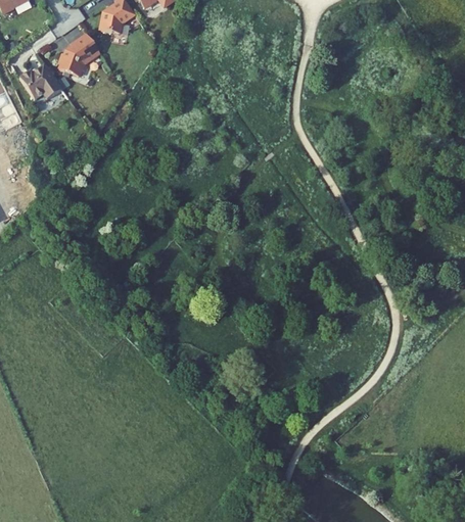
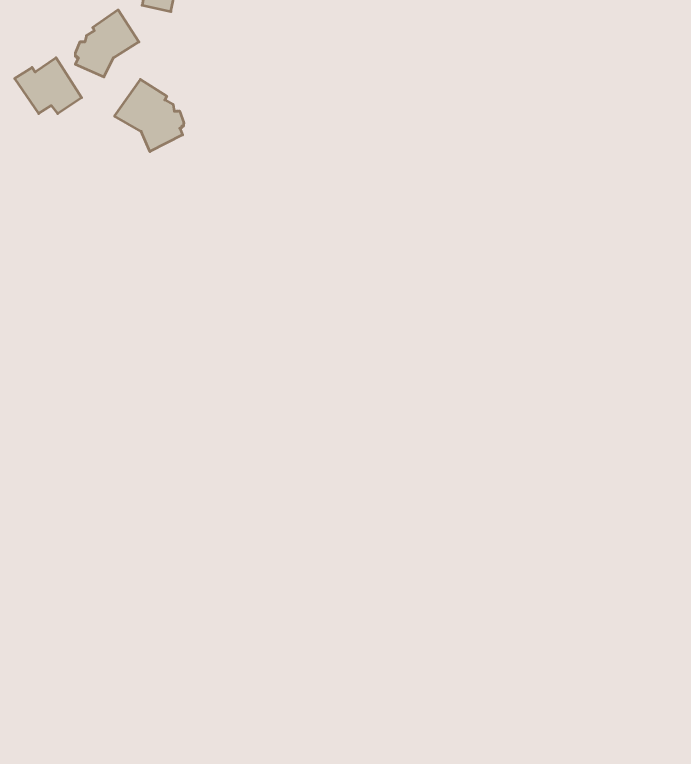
building: none -> [115,79,184,152]

